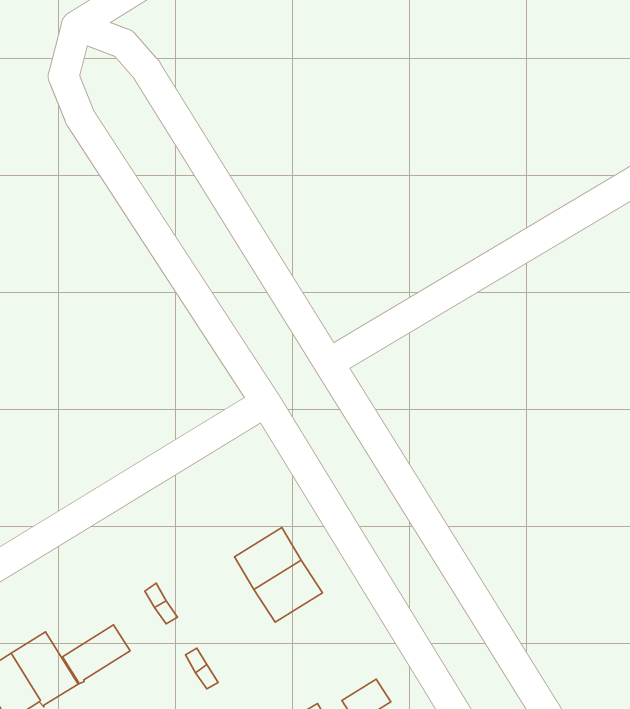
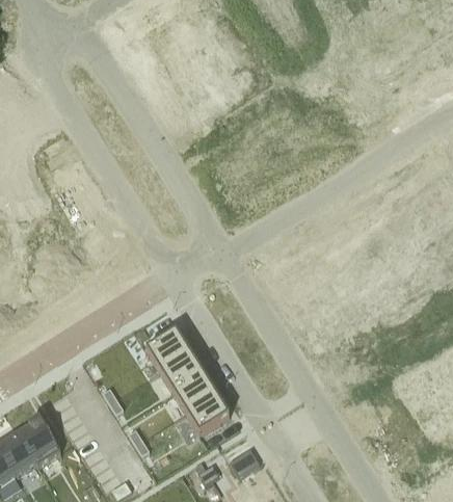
building: none -> [146,332,190,371]
building: none -> [186,394,230,434]
building: [63,625,130,684] -> none

